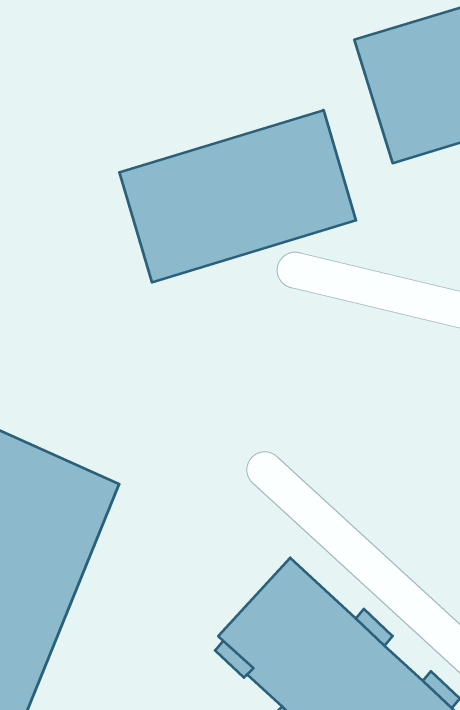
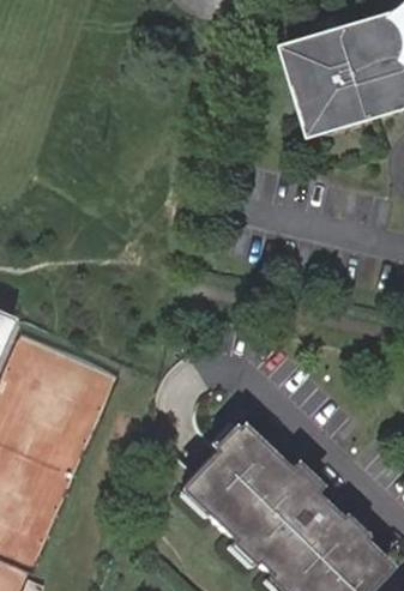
building: [119,110,356,282] -> none

